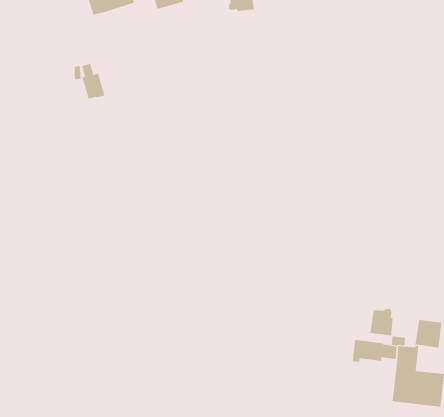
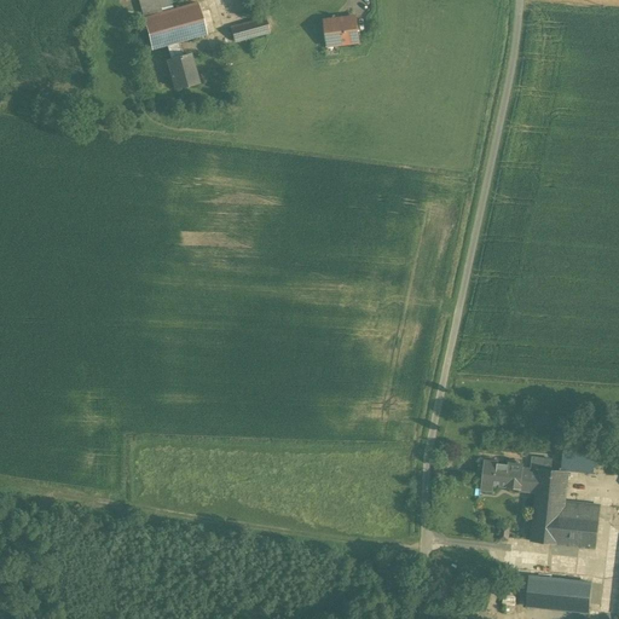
building: [81,63,105,99] -> [167,41,197,87]
building: [370,308,393,336] -> none

